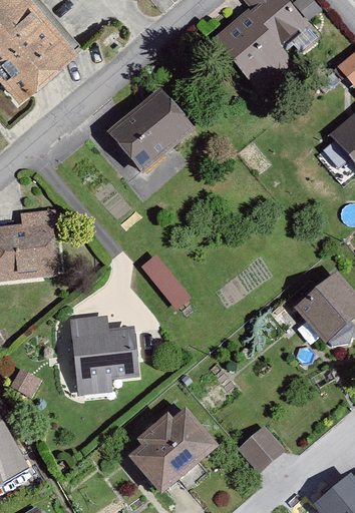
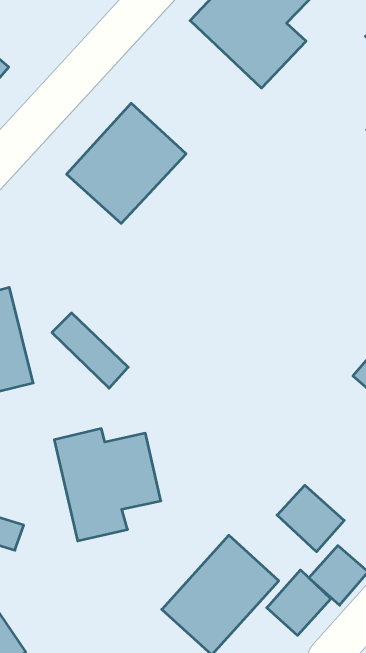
building: [140,253,192,312] -> [52,313,128,388]
building: none -> [277,485,344,552]
building: none -> [267,570,331,635]

